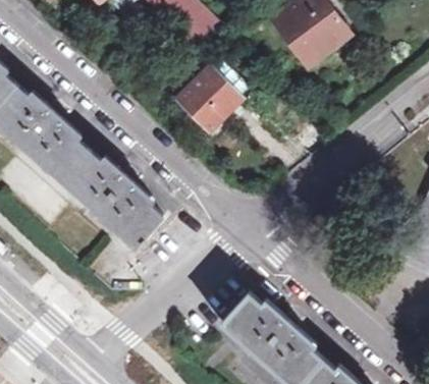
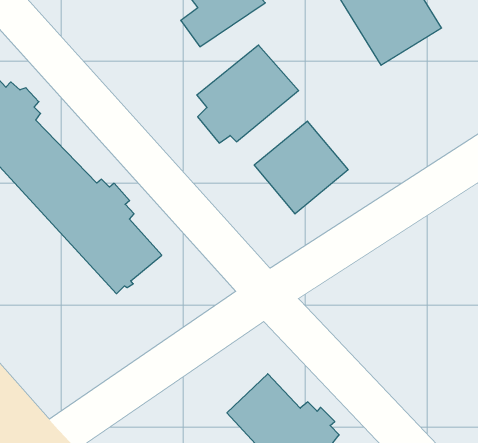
building: none -> [254,121,348,214]

